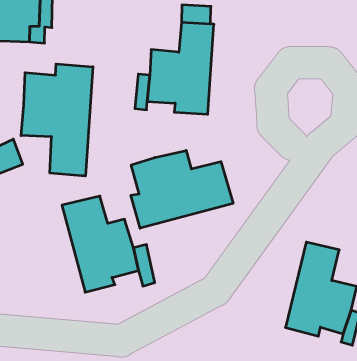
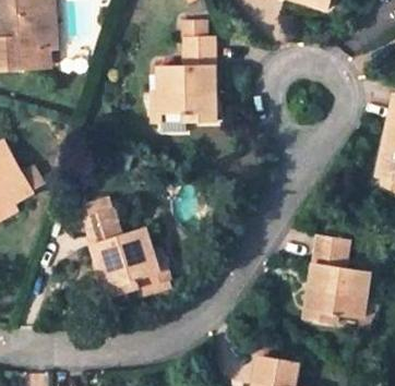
building: [21,64,93,176] -> none
building: [131,150,233,228] -> none

